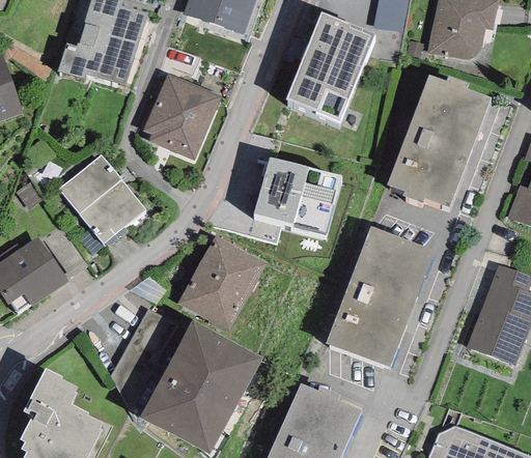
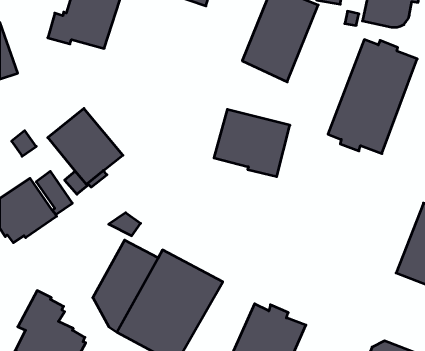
building: [142,73,222,161] -> none
building: [327,226,434,367] -> none
building: [178,235,266,332] -> none

